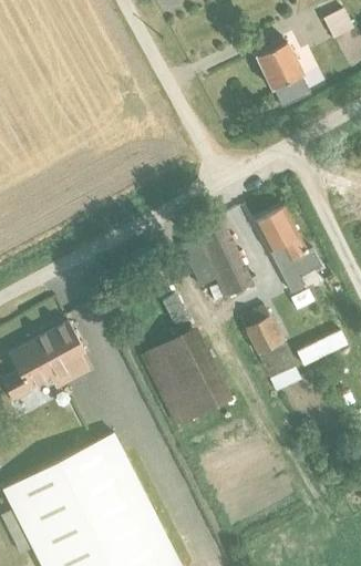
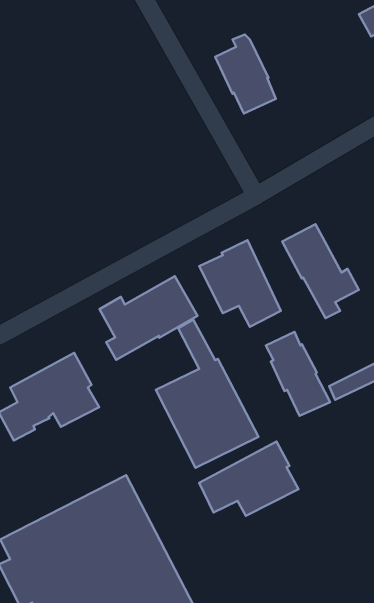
building: [256,37,310,107] -> [215,35,276,114]
building: none -> [99,276,198,360]
building: none -> [199,442,298,516]

